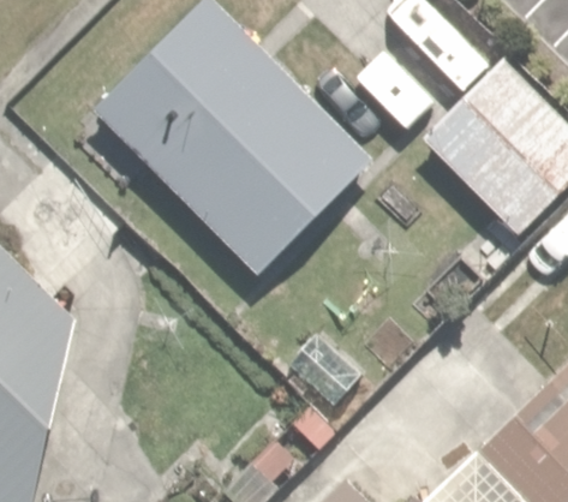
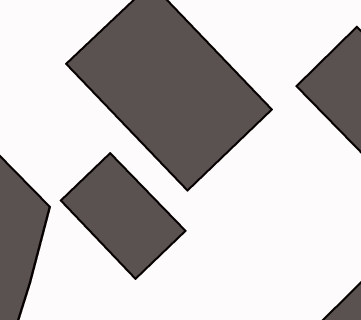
building: none -> [61,153,185,279]

